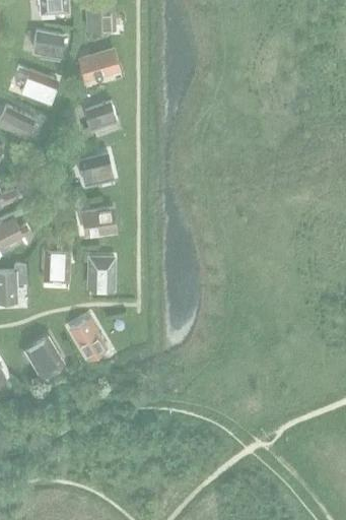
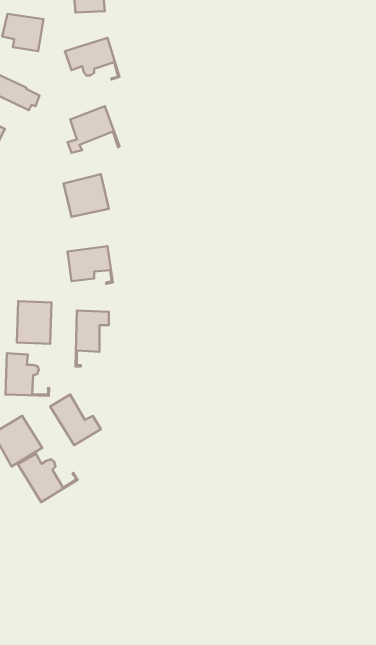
building: none -> [5,353,49,396]
building: none -> [18,454,78,502]

